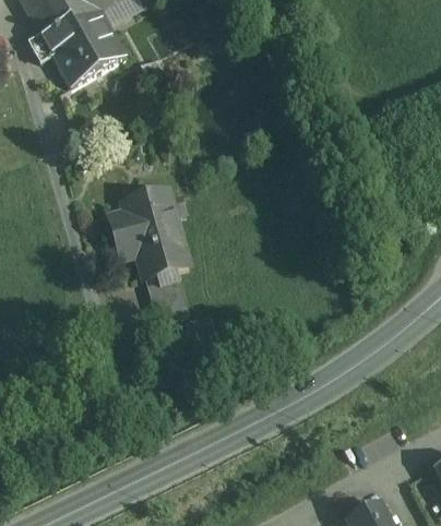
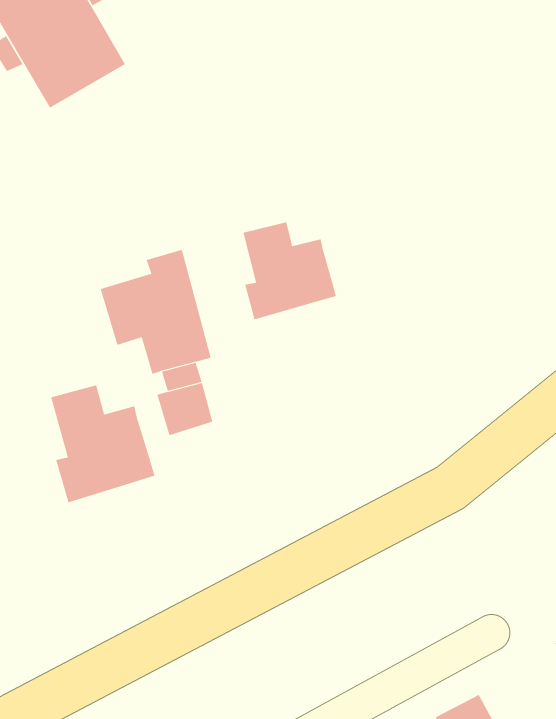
building: none -> [243,221,337,320]
building: none -> [50,384,155,503]

